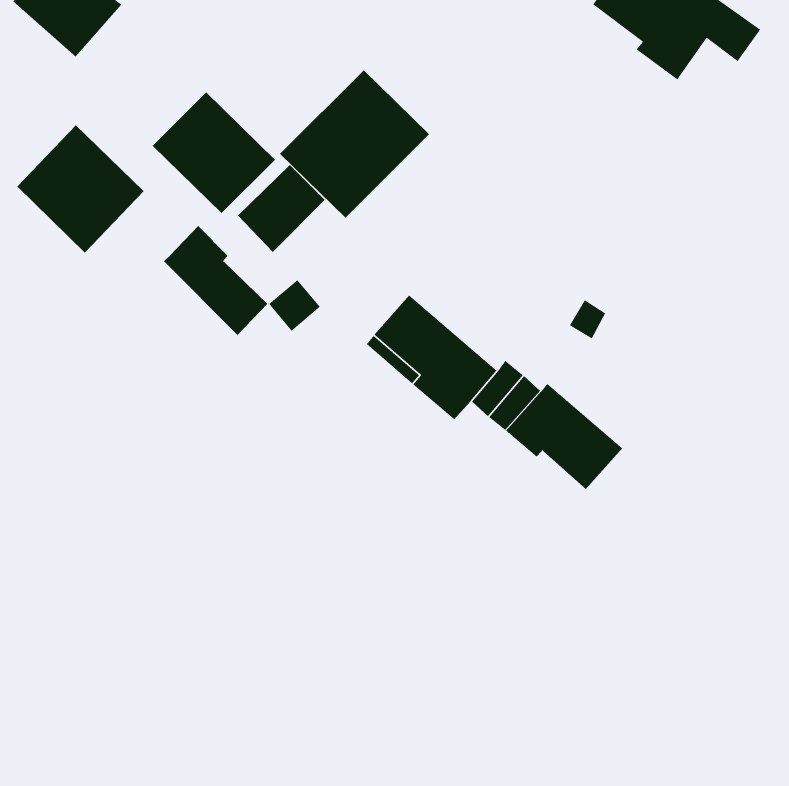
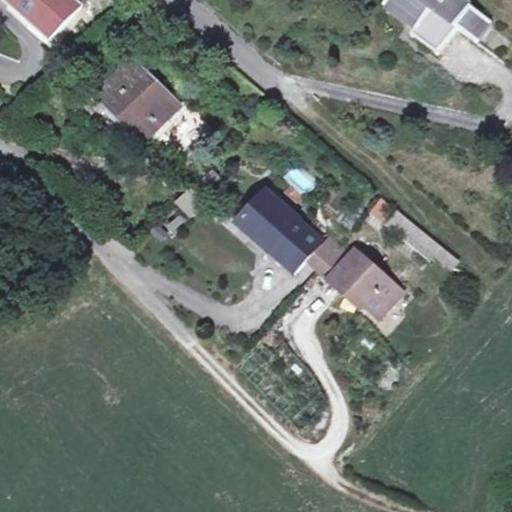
building: [279,69,430,219] -> none
building: [16,124,144,253] -> none
building: [163,225,268,336] -> none

